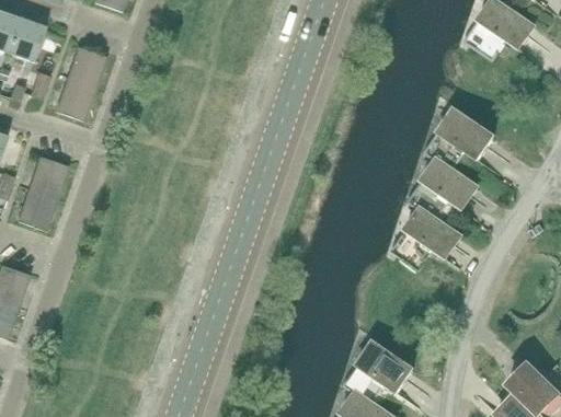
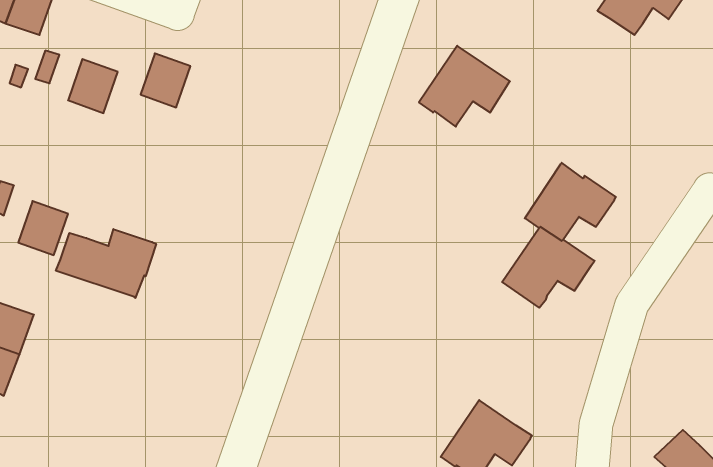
building: [67,46,105,88] -> [141,53,190,107]
building: [424,107,494,170] -> [419,46,510,127]
building: [28,155,68,197] -> none
building: none -> [56,229,156,298]

